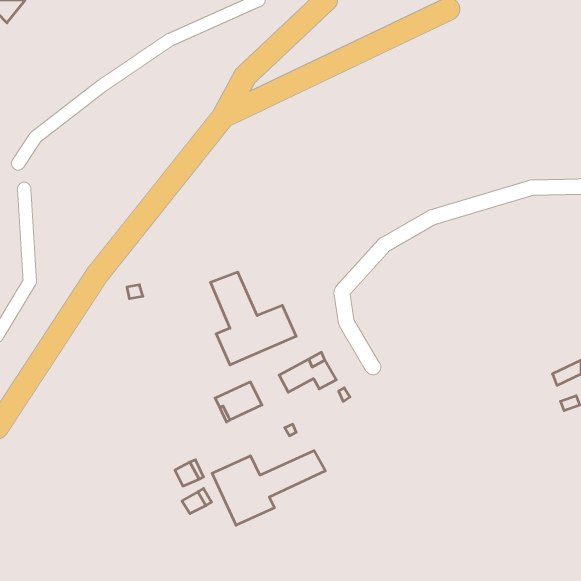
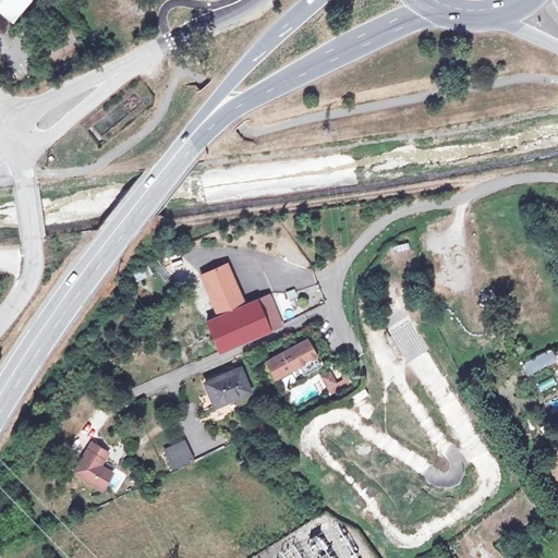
building: [212,451,325,525] -> none
building: none -> [76,451,116,496]

